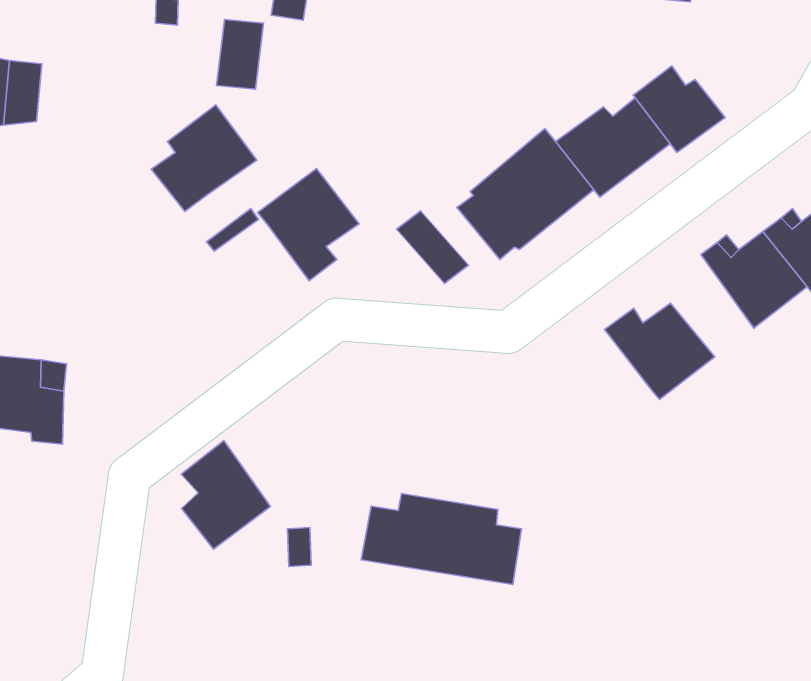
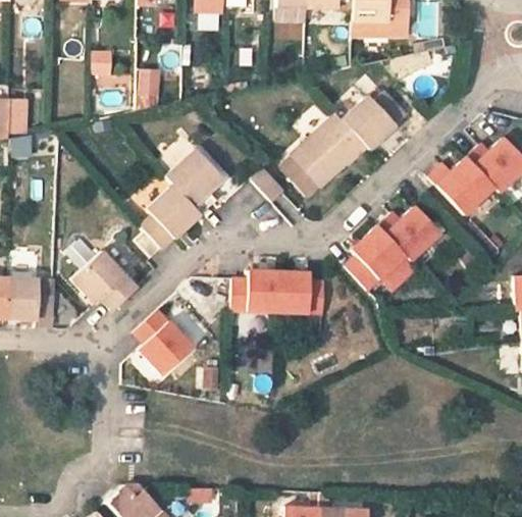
building: [633,66,725,153] -> none
building: [151,105,257,212] -> [138,185,200,250]
building: none -> [76,249,138,307]
building: none -> [350,227,410,296]
building: [361,494,522,585] -> [222,272,316,320]

